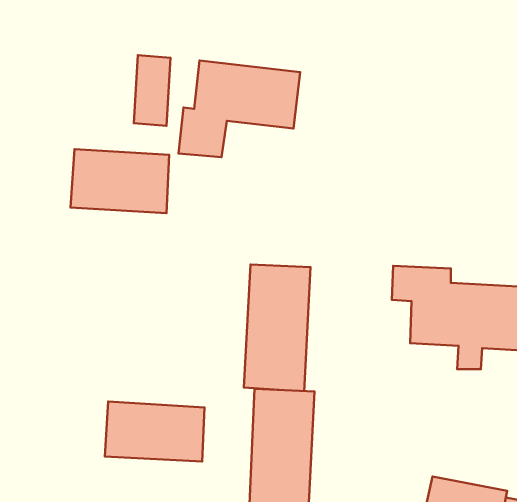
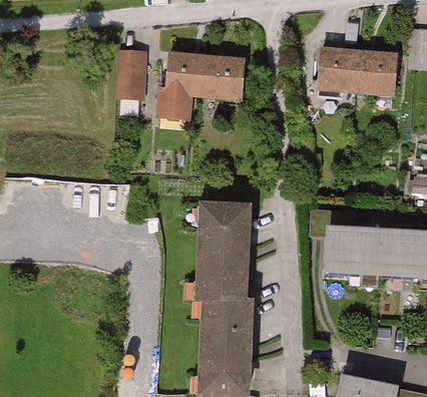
building: none -> [315,47,396,99]
building: [71,149,169,213] -> none
building: [105,401,204,462] -> none

